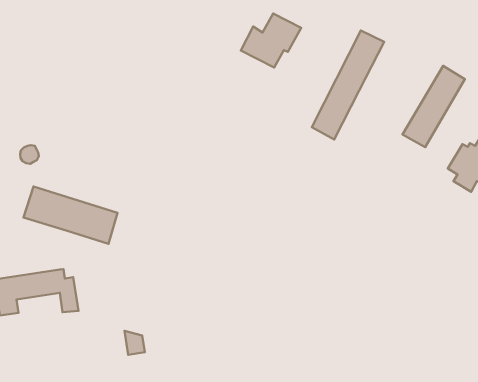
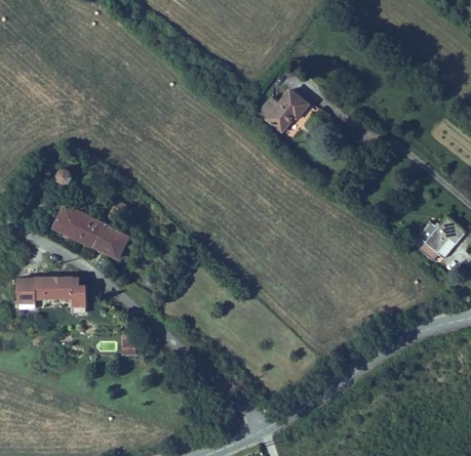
building: [312,30,384,139] -> none
building: [403,66,465,147] -> none

